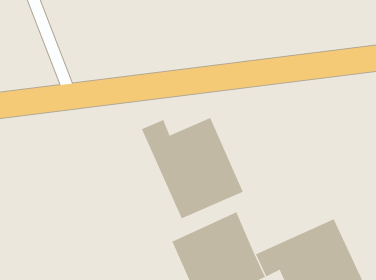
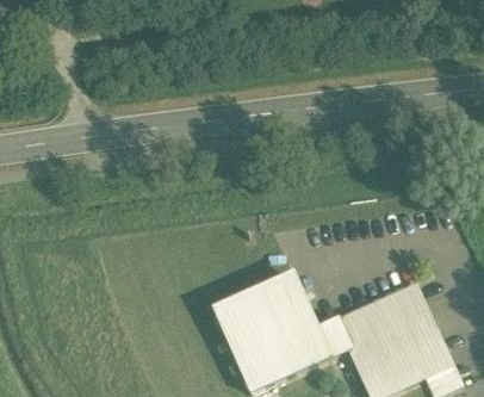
building: [141,117,243,219] -> none

